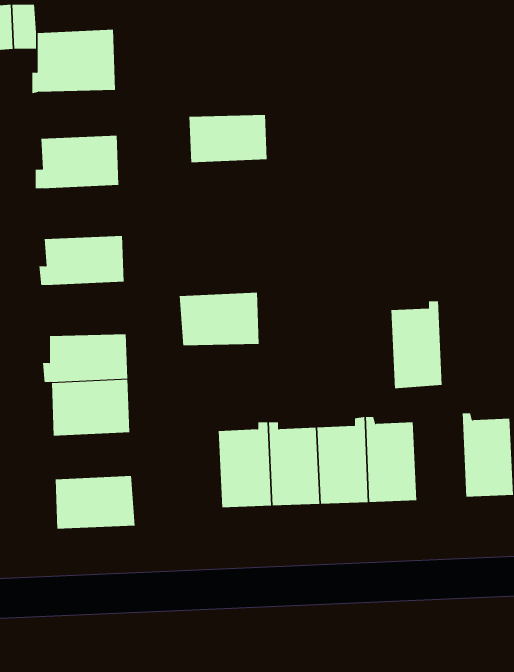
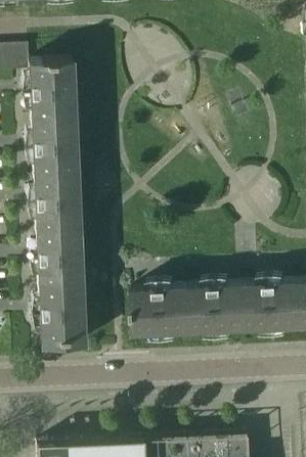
building: [189,115,268,163] -> [32,95,77,123]
building: none -> [34,149,80,180]
building: [179,292,259,346] -> [36,204,82,235]
building: [391,301,443,389] -> [246,279,275,329]
building: none -> [37,290,85,317]

